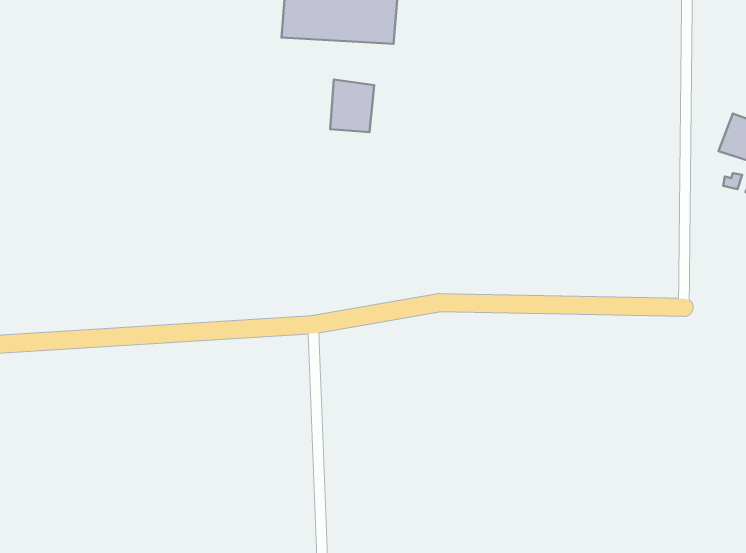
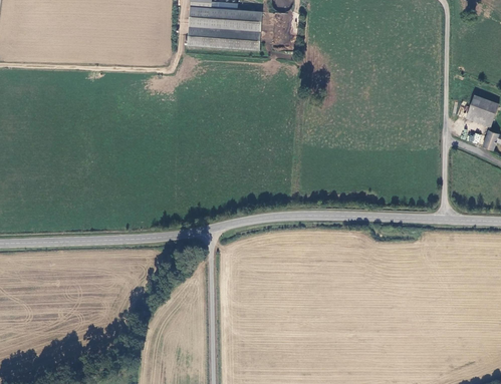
building: [330,80,374,132] -> none

